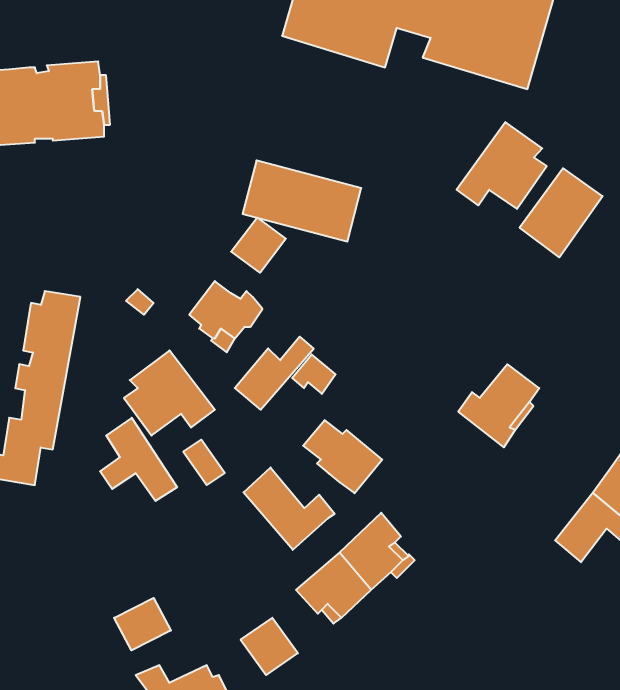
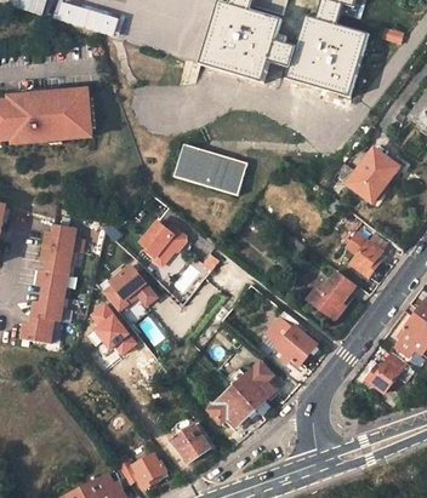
building: [457,122,547,209] -> none
building: [231,218,286,273] -> none
building: none -> [347,233,387,275]
building: [303,420,382,493] -> [267,319,315,364]
building: [243,467,335,550] -> none
building: [114,598,171,650] -> none

